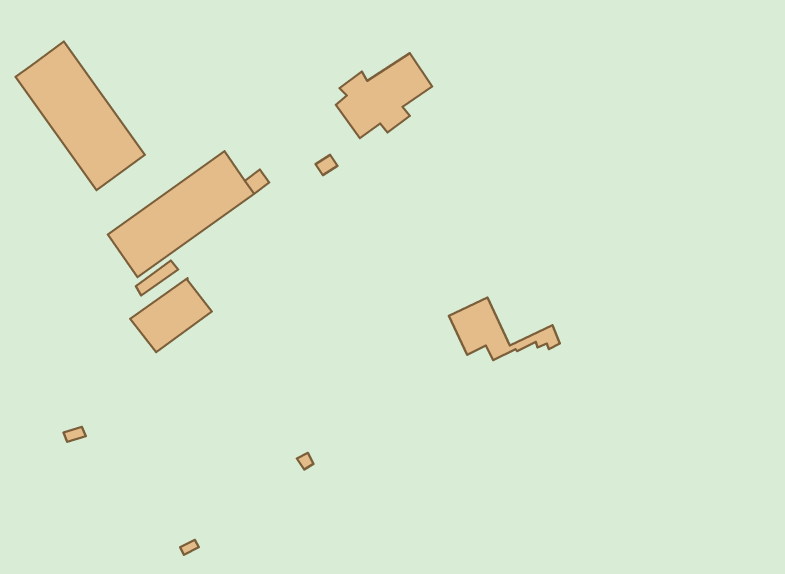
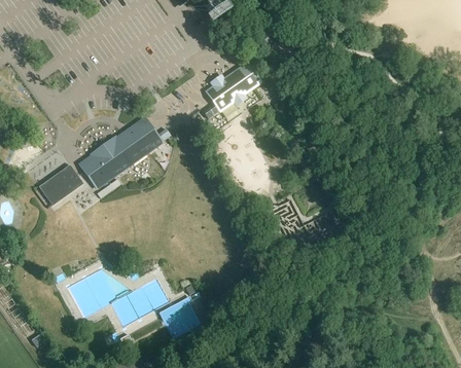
building: [15,41,145,190] -> none
building: [130,278,212,352] -> [37,164,82,206]

